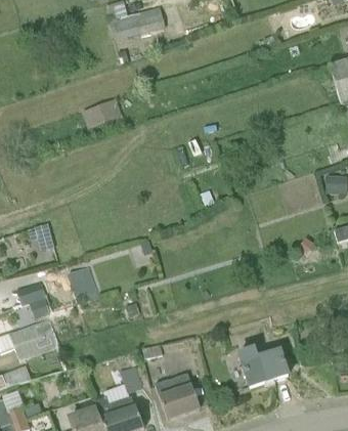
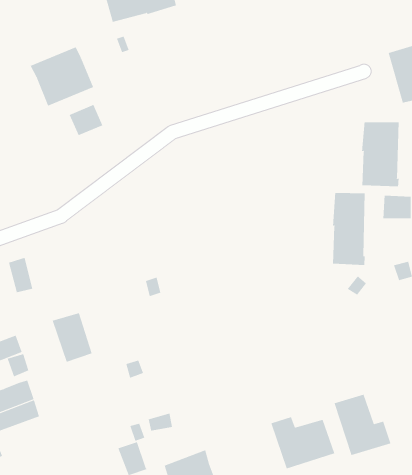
building: none -> [30,47,94,106]
building: none -> [362,121,399,187]
building: none -> [332,192,365,266]
building: none -> [334,394,391,456]

